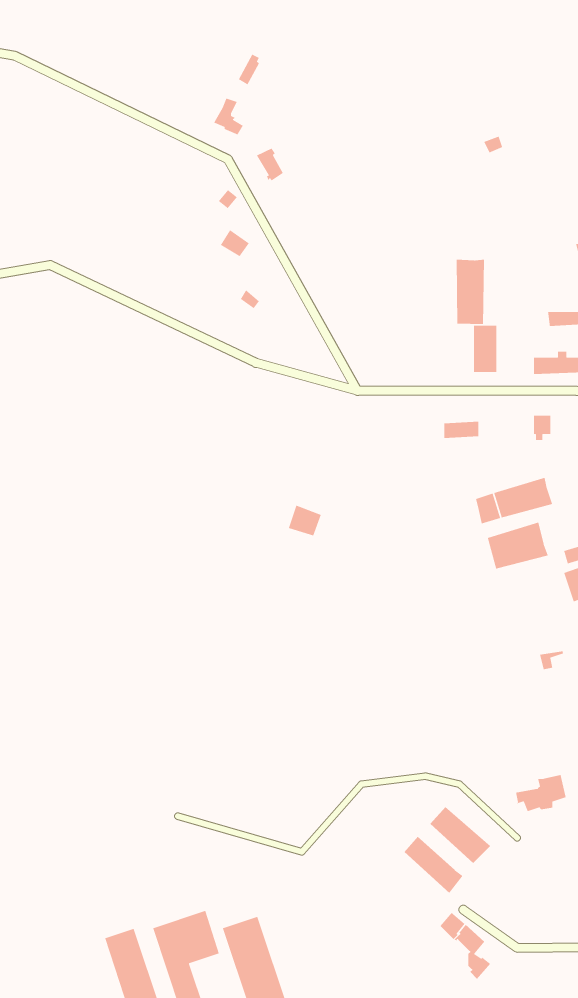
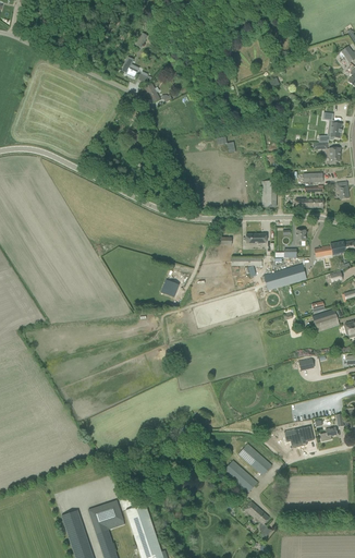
building: [456,259,485,325] -> none
building: [487,522,549,570] -> none

